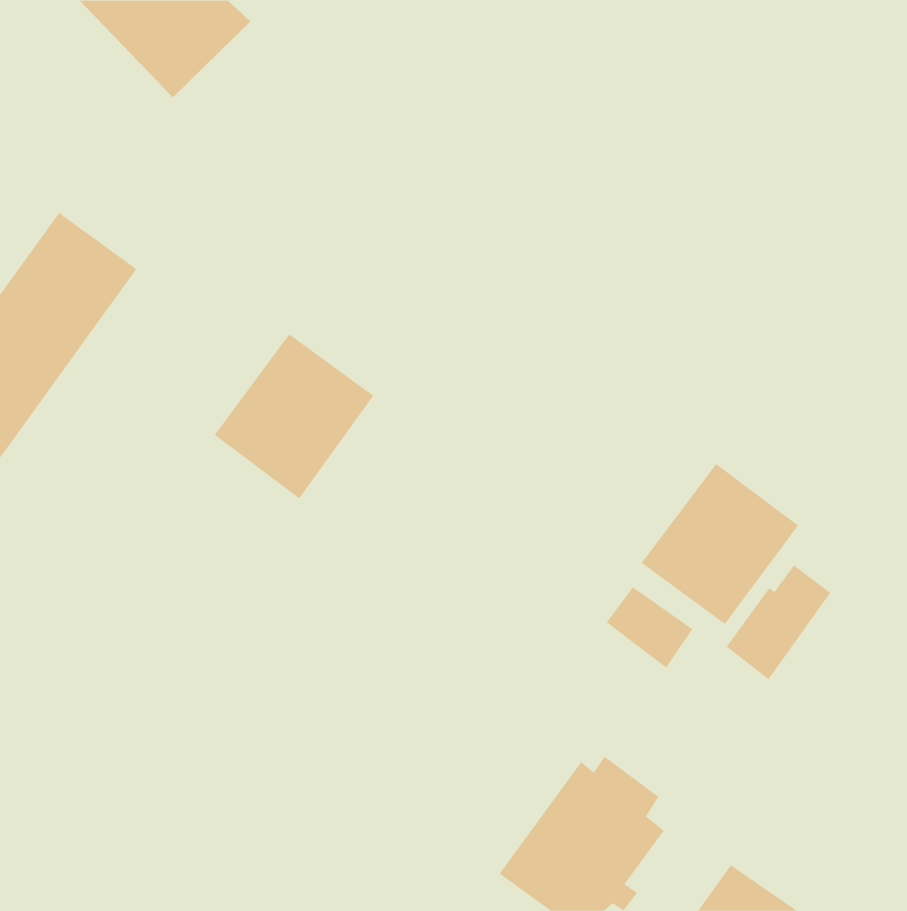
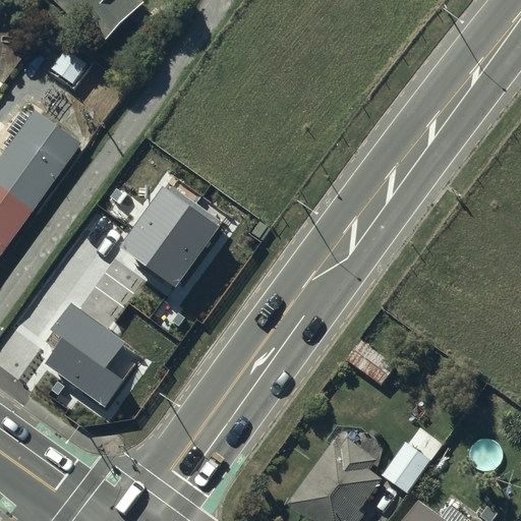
building: [641,463,799,625] -> none
building: none -> [46,313,140,407]
building: [726,564,831,680] -> [381,423,441,489]

